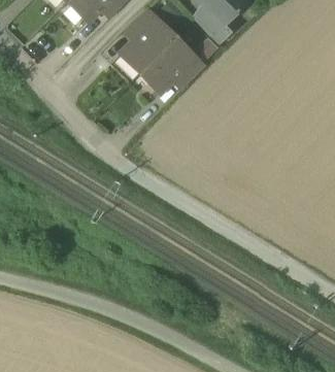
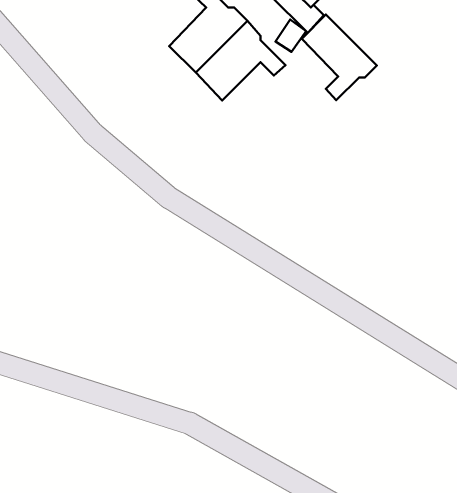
building: none -> [302,15,377,100]

